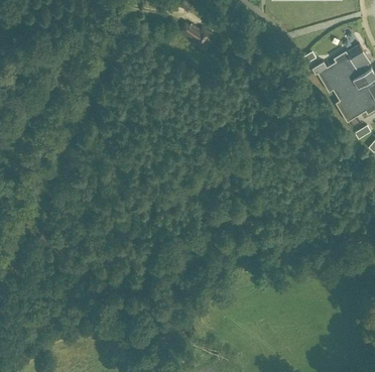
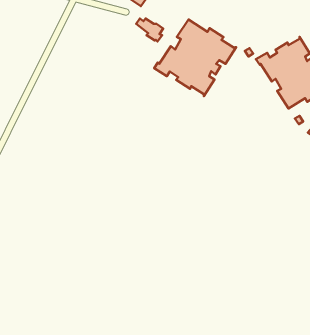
building: none -> [154,19,236,96]

